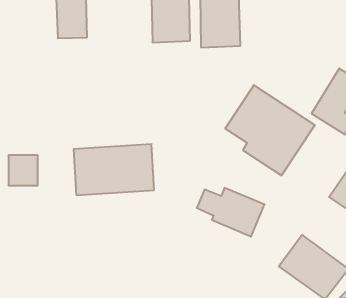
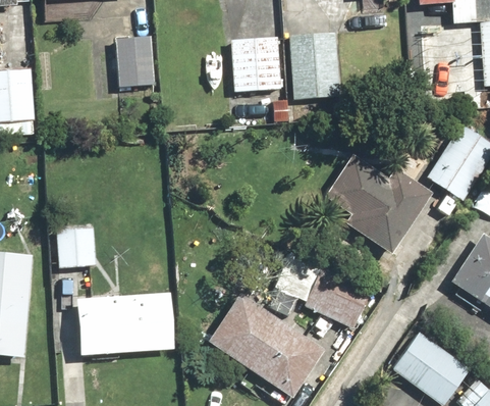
building: [74,144,154,195] -> [75,293,173,355]
building: none -> [207,290,328,400]

